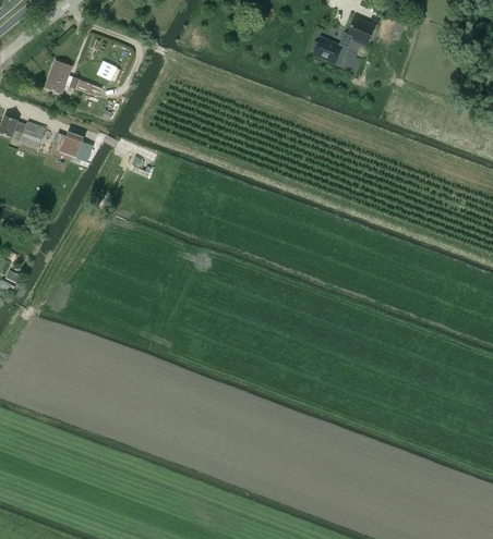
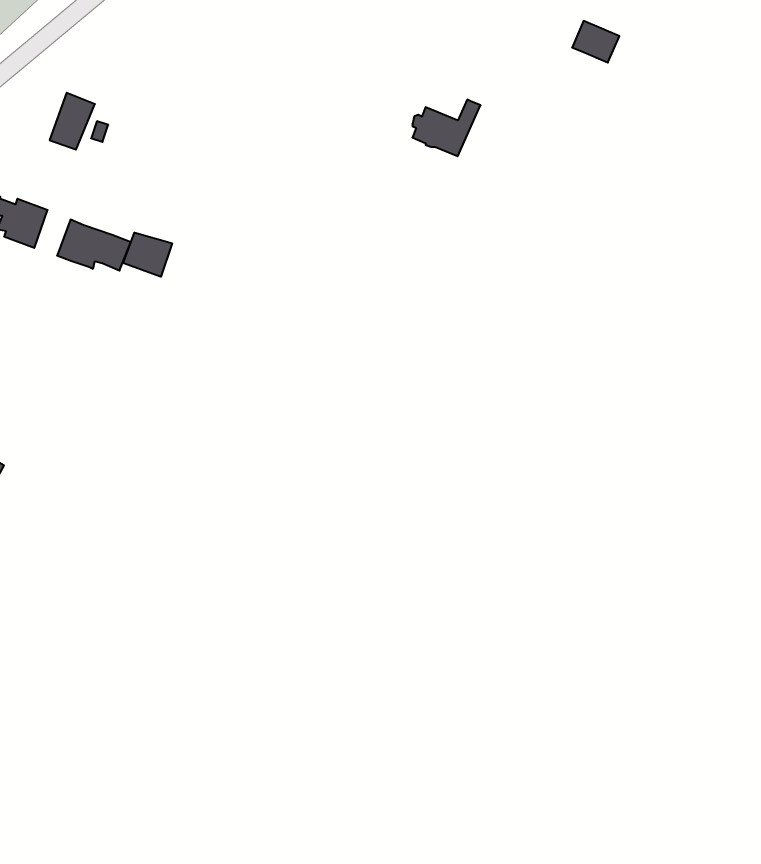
building: [313,33,352,65] -> [412,100,481,156]
building: none -> [123,233,172,277]

